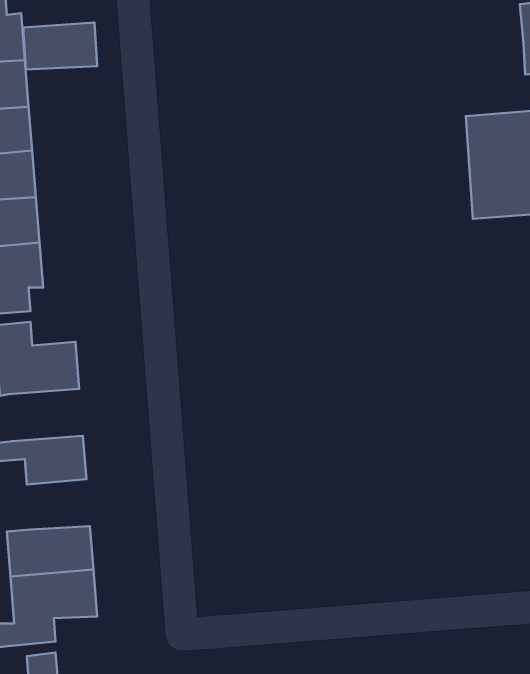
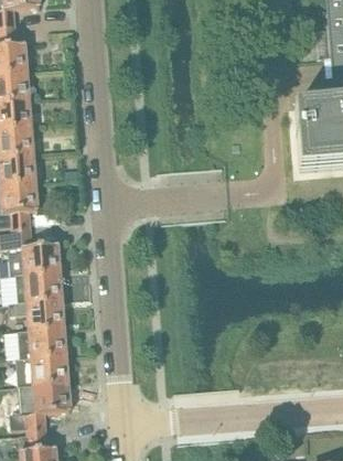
building: [23,22,97,70] -> none
building: none -> [15,271,61,303]
building: none -> [26,326,65,357]

